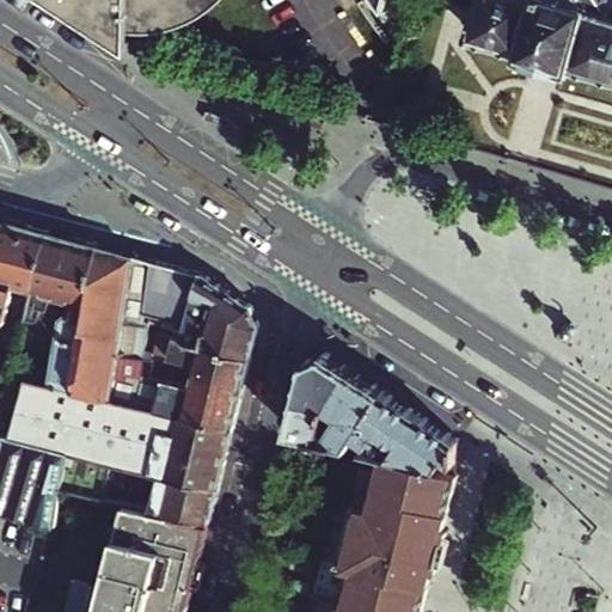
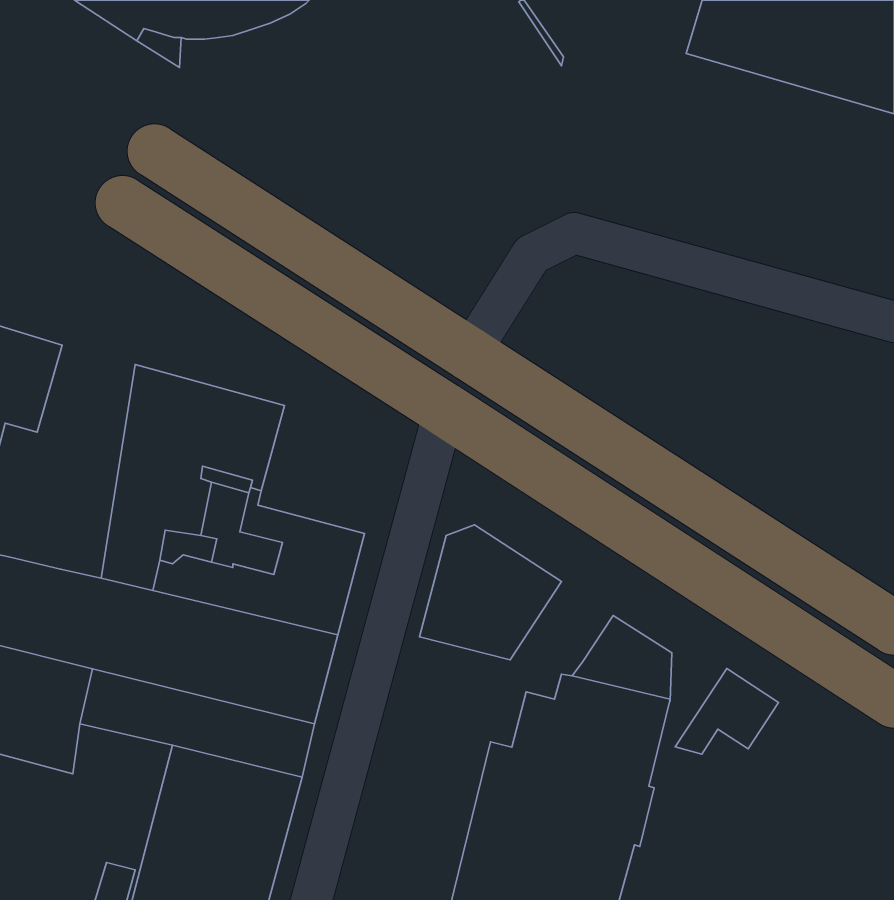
building: [23,238,91,394] -> none
building: [173,279,253,365] -> none
building: [343,397,412,454] -> [675,669,778,754]

